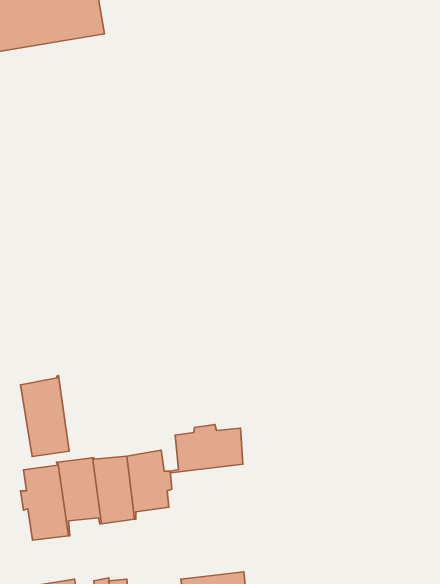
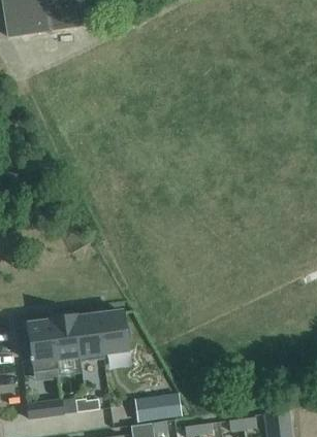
building: [21,376,69,457] -> none
building: [170,425,243,473] -> none

